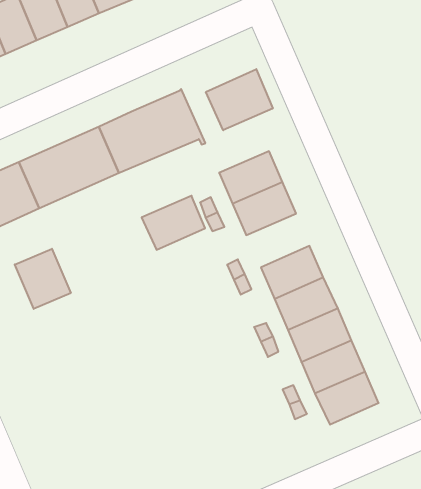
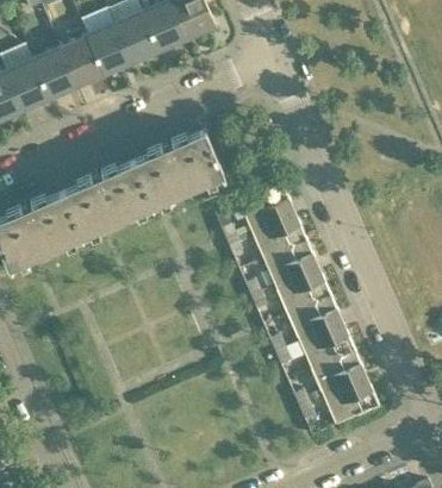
building: [206,69,273,130] -> none
building: [142,196,205,250] -> [261,239,317,287]
building: [15,249,71,309] -> none

